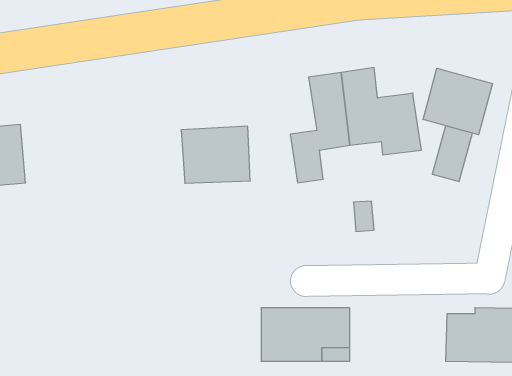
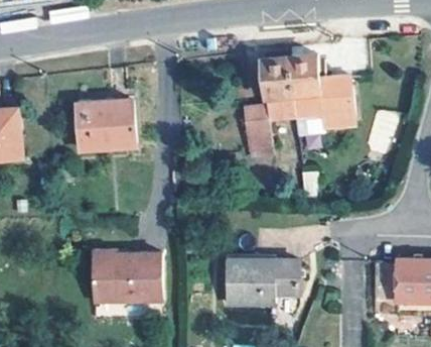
building: [423,68,492,135] -> none
building: [181,126,250,183] -> [79,103,136,150]
building: none -> [92,251,158,301]

